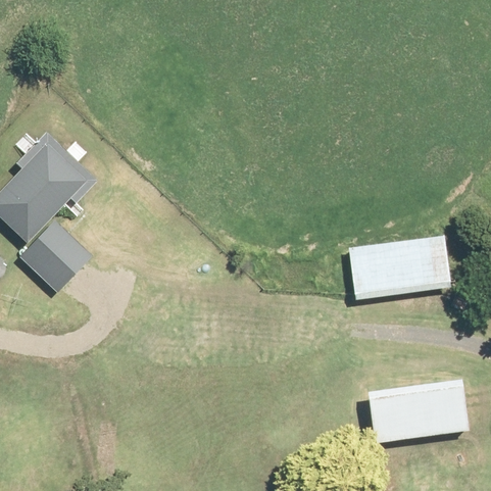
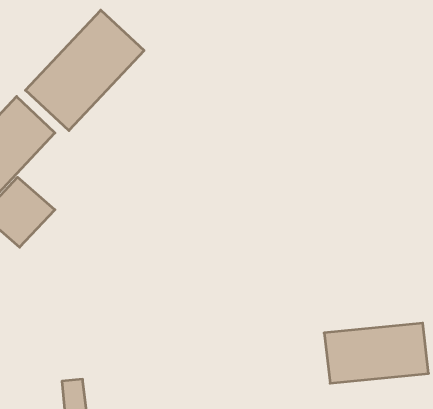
building: none -> [25,10,144,131]
building: [349,231,453,299] -> none

